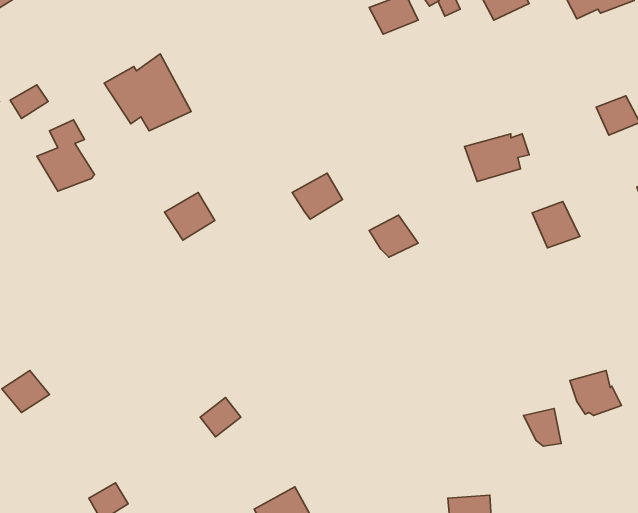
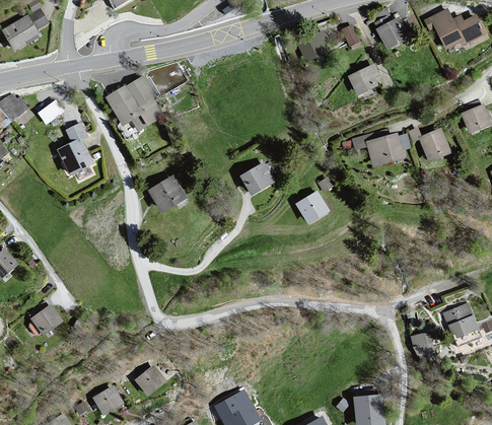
building: none -> [348,64,381,95]
building: [532,202,580,248] -> [418,129,452,162]
building: [200,398,241,437] -> [135,365,164,394]

